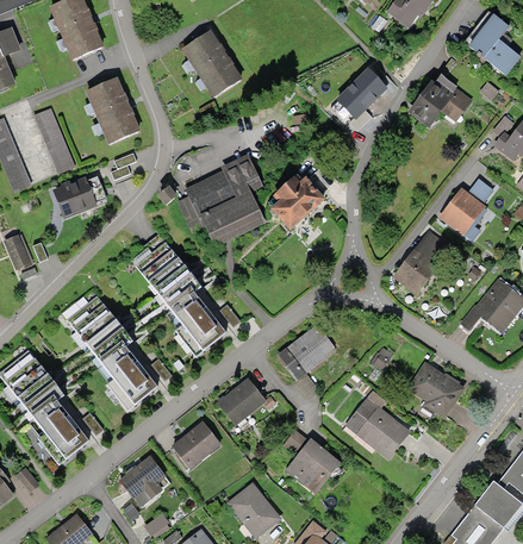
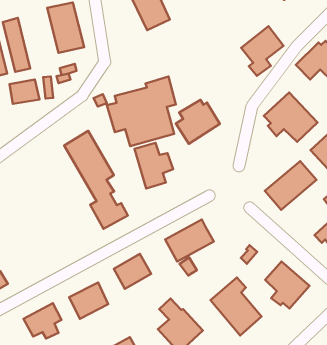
building: none -> [264,92,318,142]
building: none -> [134,143,173,188]
building: [66,289,160,408] -> none

